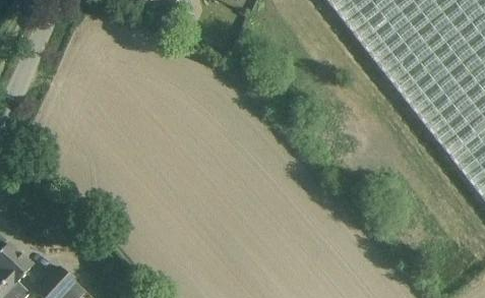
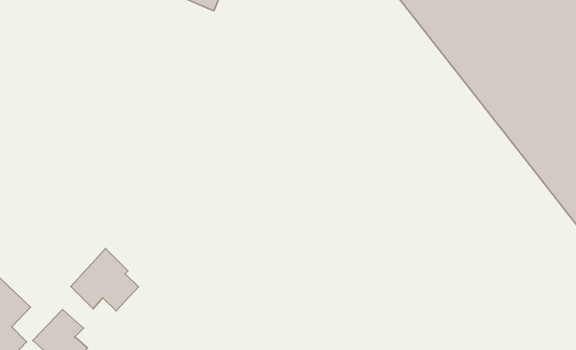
building: none -> [71,248,139,311]

